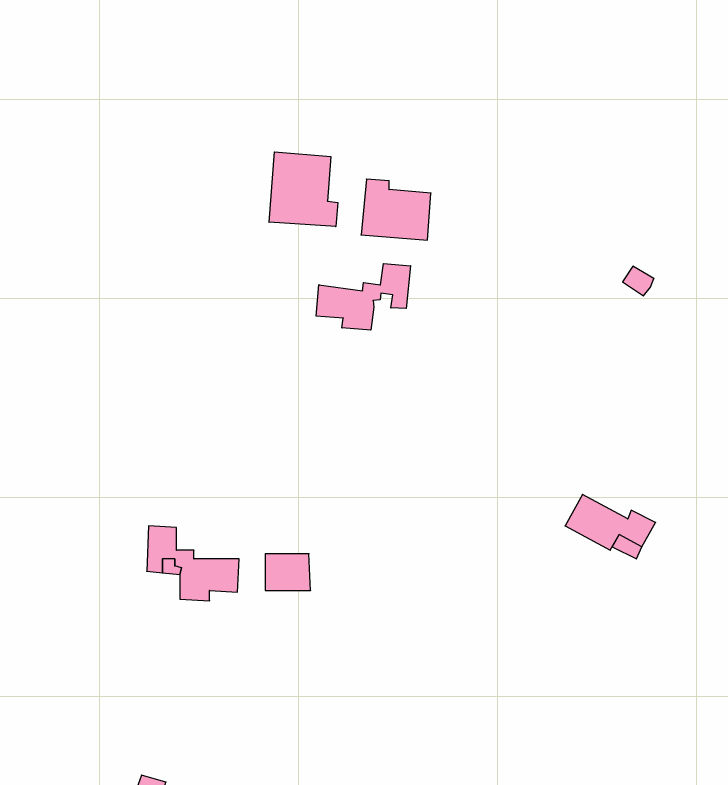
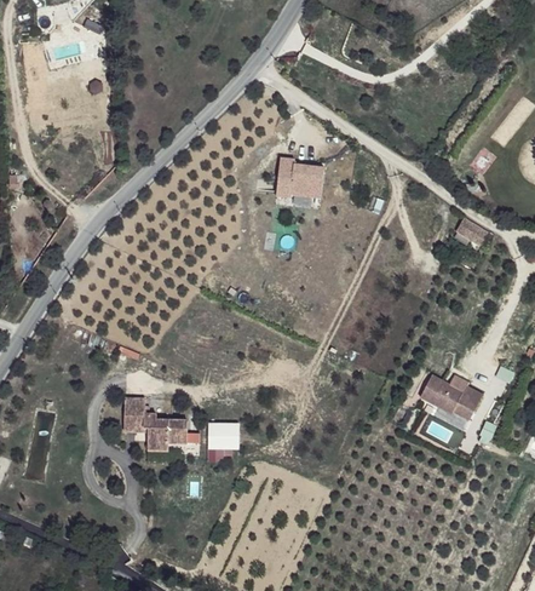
building: [269,152,338,227] -> none
building: [316,264,411,330] -> none

